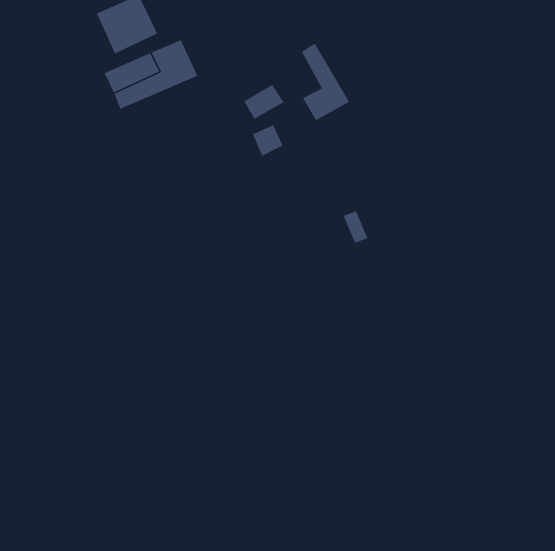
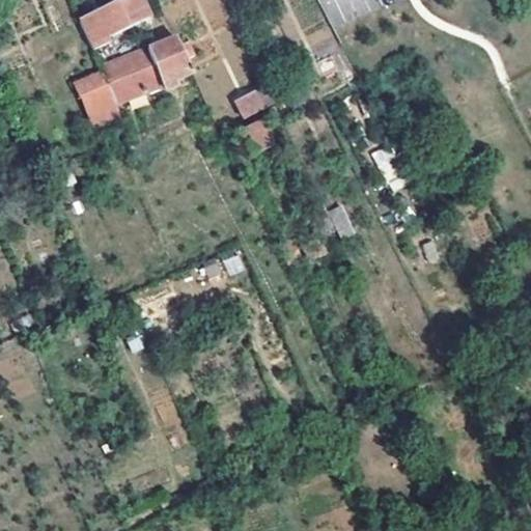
building: [301,42,350,121] -> none
building: none -> [76,69,114,114]

